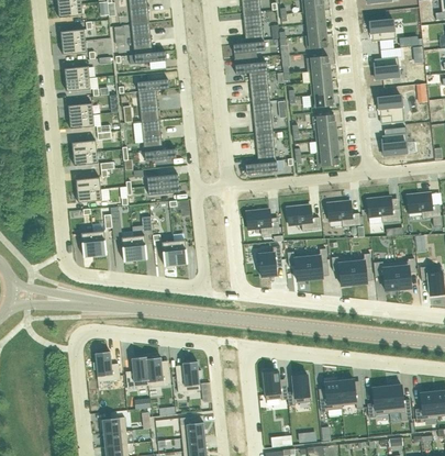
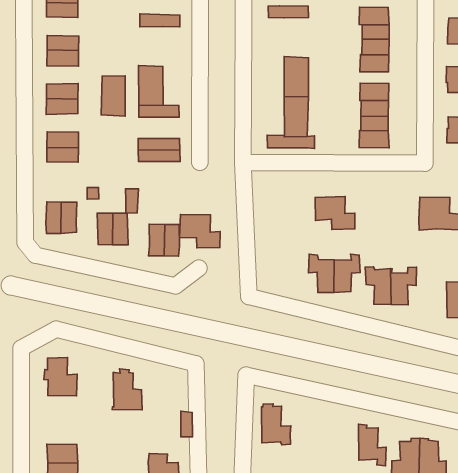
building: [248,70,270,102] -> none
building: [138,89,159,121] -> [101,76,125,116]
building: [327,201,360,226] -> none
building: [246,209,279,235] -> [179,215,220,248]
building: [256,246,281,276] -> none
building: [374,262,398,290] -> none
building: [125,356,149,387] -> none
building: [176,360,202,392] -> none
building: [287,372,310,405] -> none
building: [320,378,342,412] -> none

